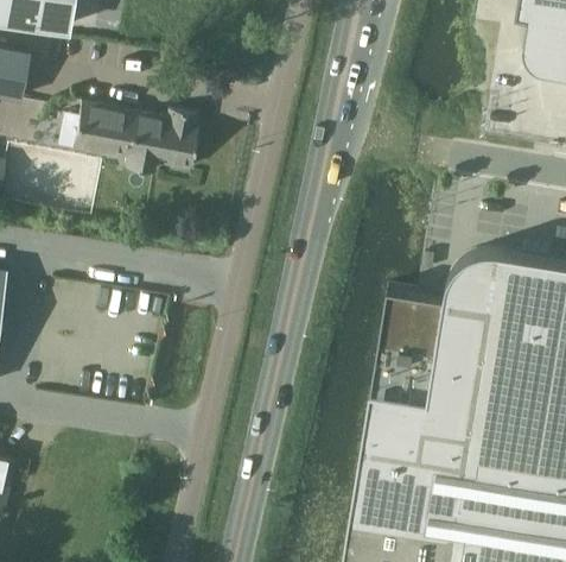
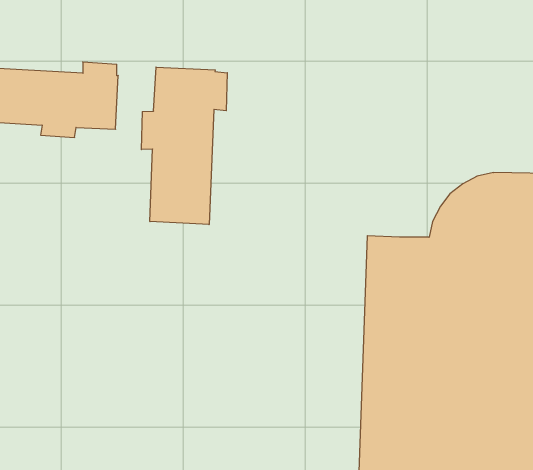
building: none -> [141,67,227,225]

